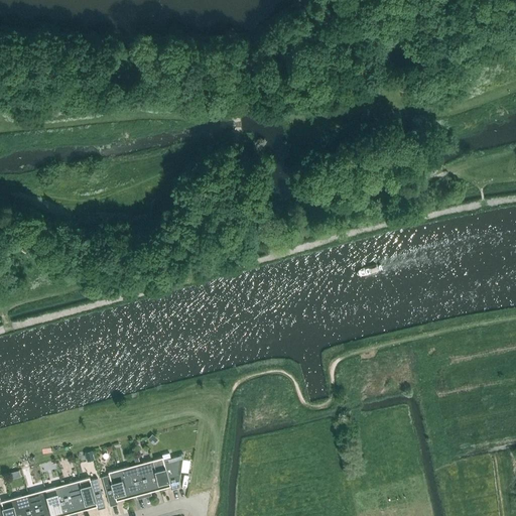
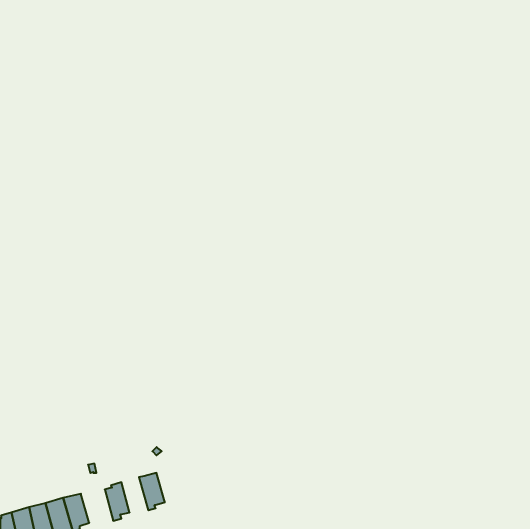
building: [152,455,183,490] -> none
building: [118,465,144,499] -> none
building: [79,478,105,510] -> none

